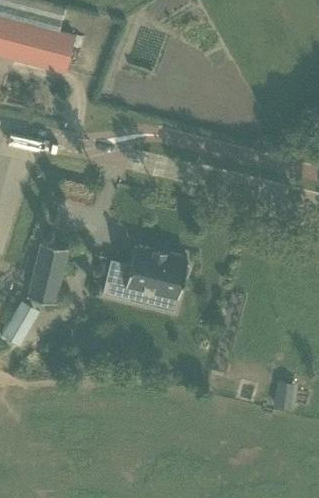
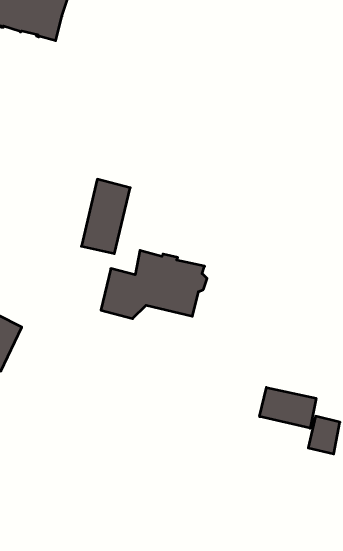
building: [27,244,67,305] -> [81,179,130,254]
building: none -> [260,387,316,428]

